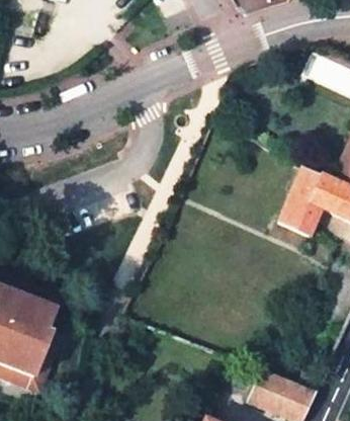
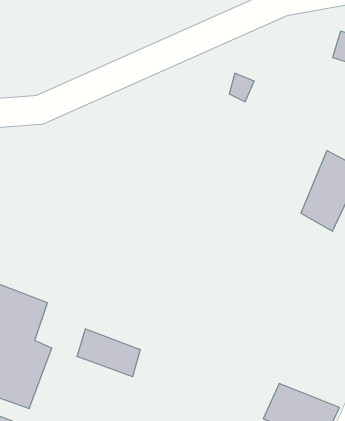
building: none -> [77,329,140,377]

